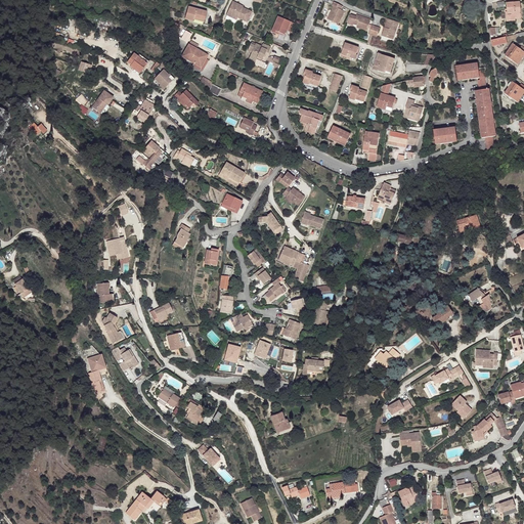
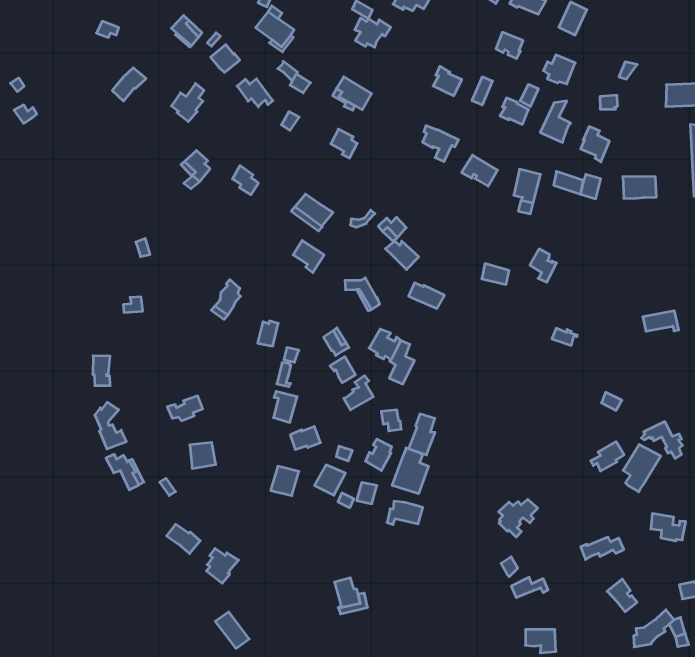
building: none -> [623,444,661,492]
building: none -> [392,448,429,494]
building: [88,353,105,392] -> none

